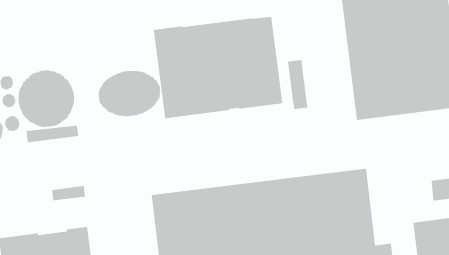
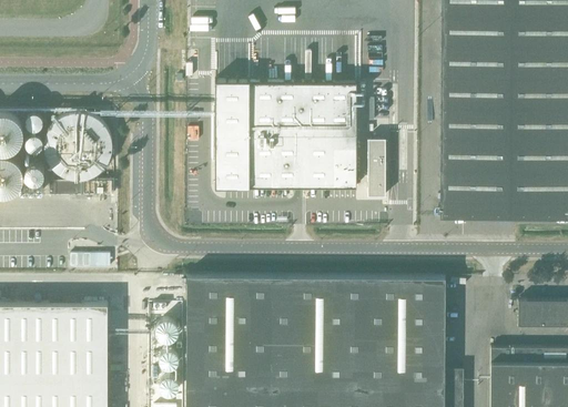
building: [98,70,161,117] -> none

